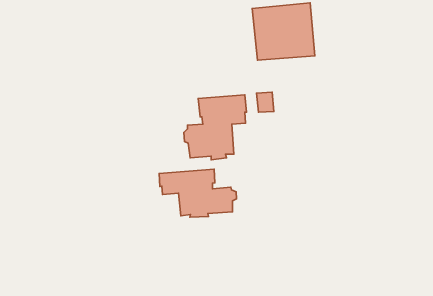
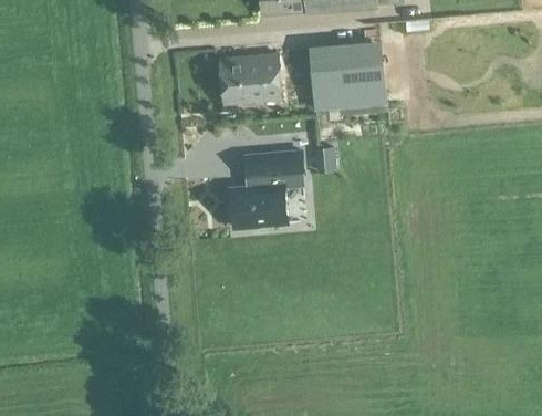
building: none -> [218,55,280,105]
building: [159,169,237,217] -> none

